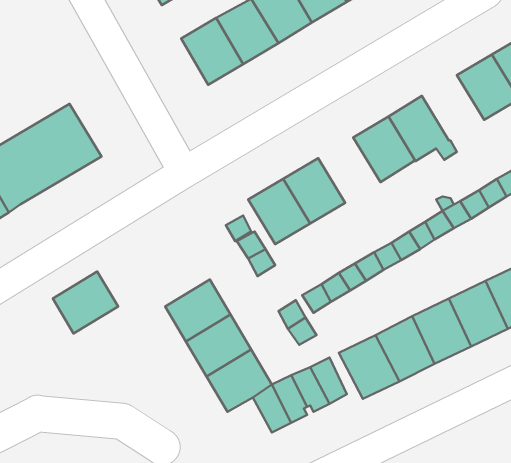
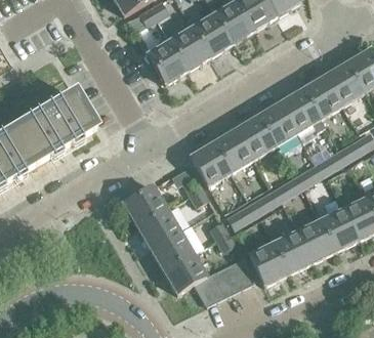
building: none -> [302,76,342,118]
building: none -> [236,116,276,158]
building: [53,271,118,334] -> [124,184,166,224]

